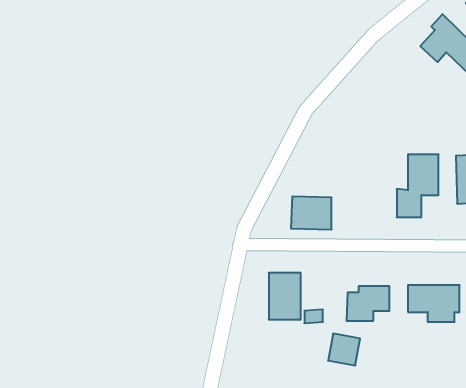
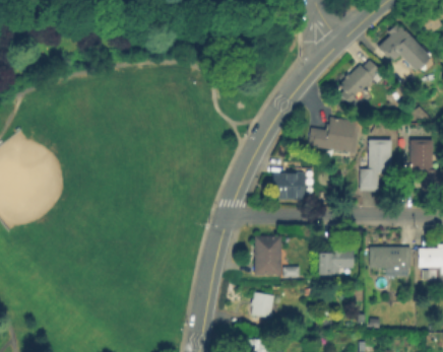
building: none -> [339,60,383,108]
building: none -> [307,116,360,154]
building: [328,334,360,366] -> [250,292,276,319]

